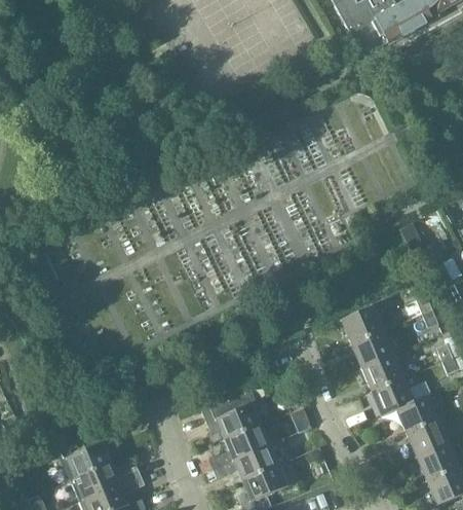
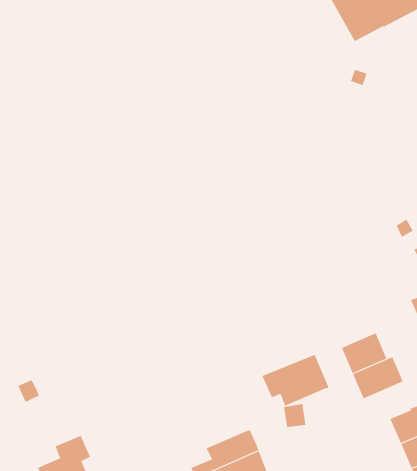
building: [340,306,383,344] -> none
building: [371,378,415,416] -> none
building: [201,390,265,439] -> [262,354,329,407]

